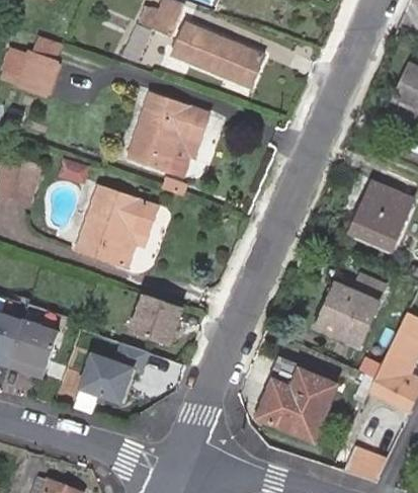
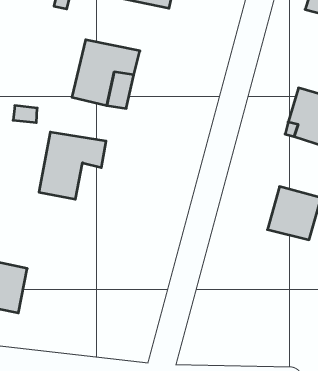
building: [131,292,182,343] -> none
building: [82,339,149,399] -> none
building: [251,361,330,441] -> none

